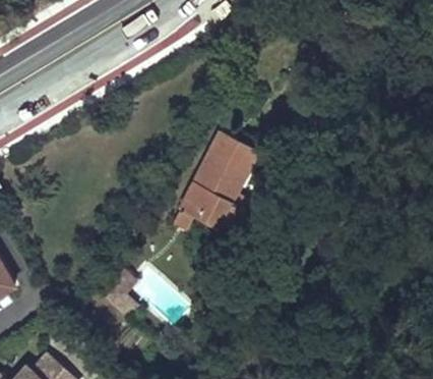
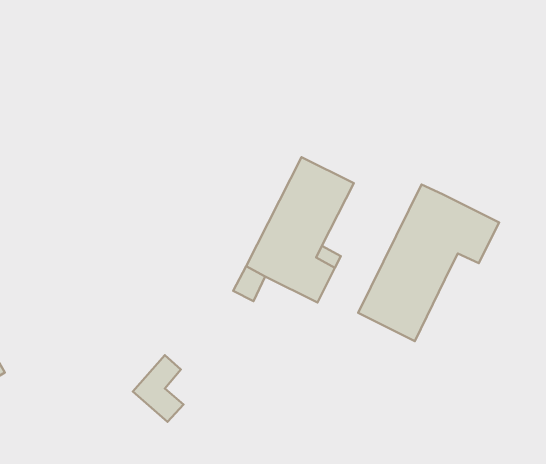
building: none -> [358,184,499,341]

